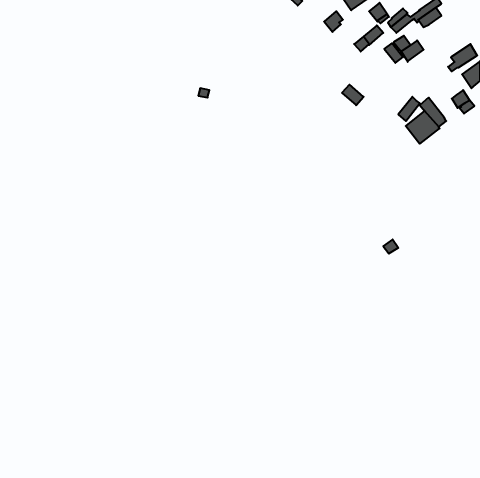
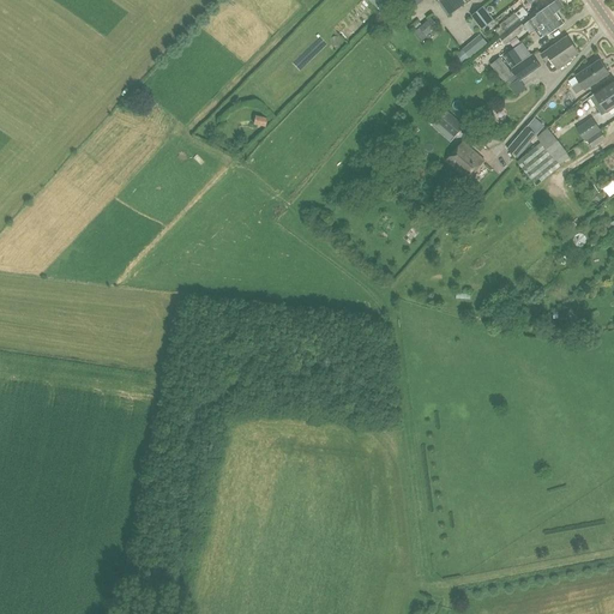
building: none -> [542,35,578,70]
building: none -> [446,138,486,177]

